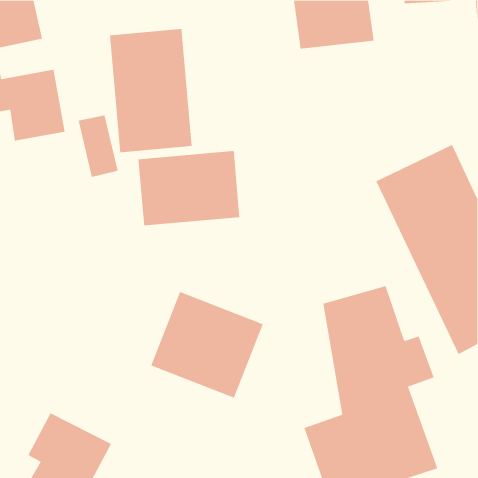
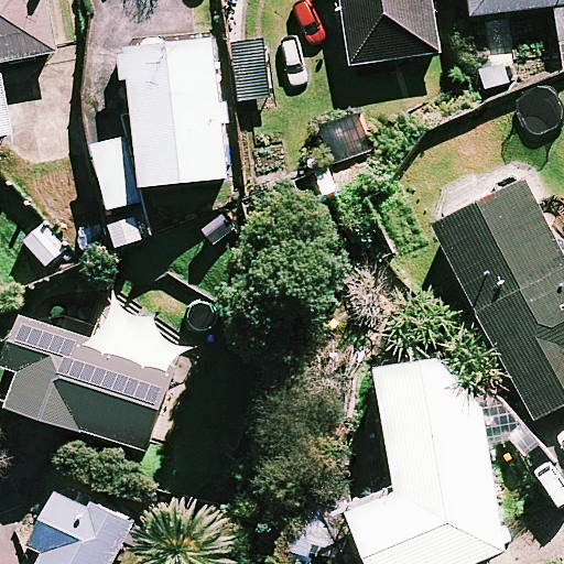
building: [138,150,240,226] -> none
building: none -> [8,314,183,452]
building: [151,291,264,398] -> none

